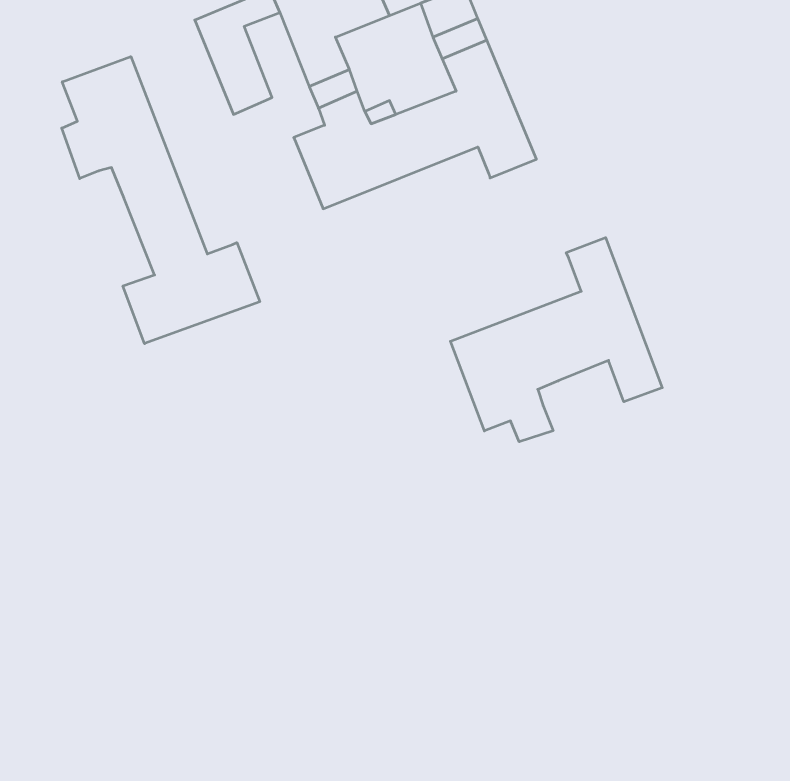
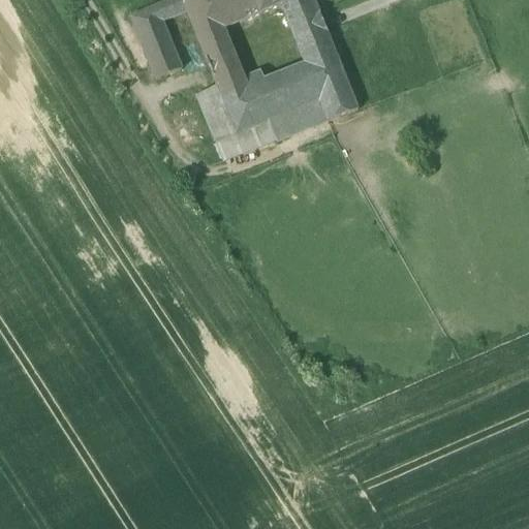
building: [62,57,260,344] -> none
building: none -> [216,98,326,158]
building: [450,238,662,442] -> none

